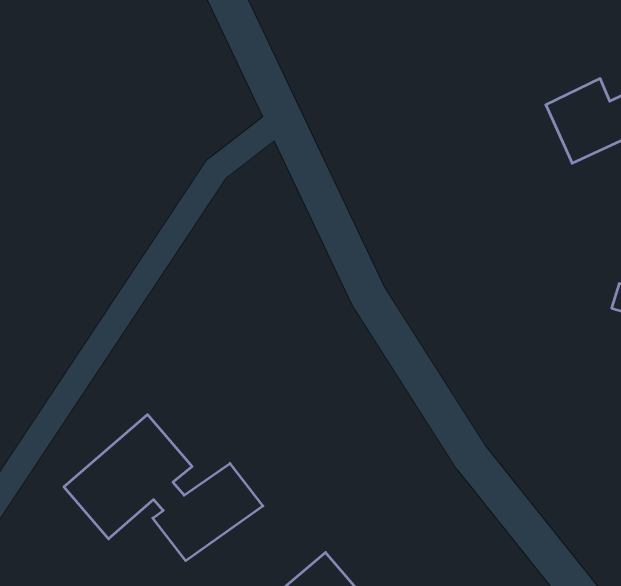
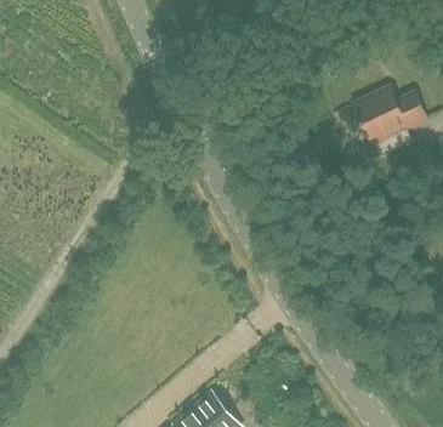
building: [64,415,263,561] -> none

